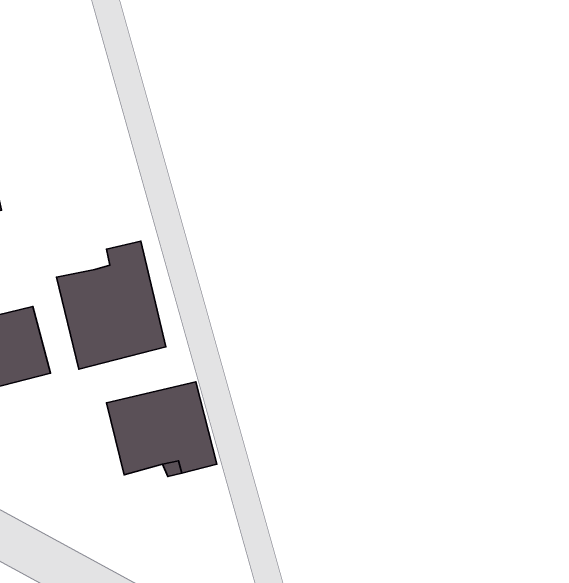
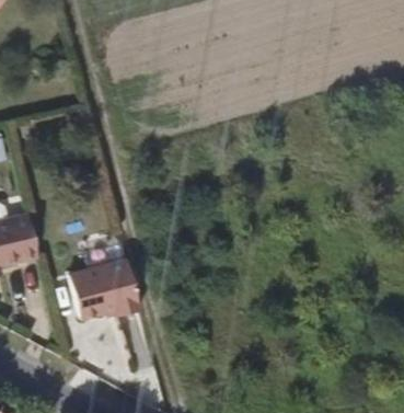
building: [56,241,166,369] -> none

